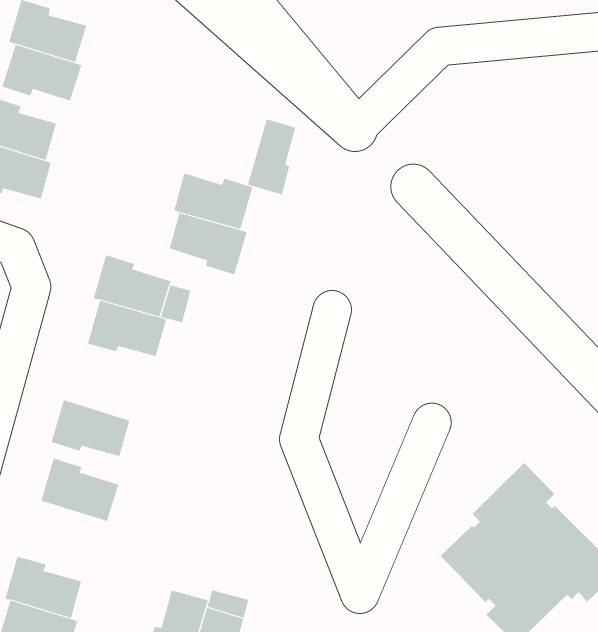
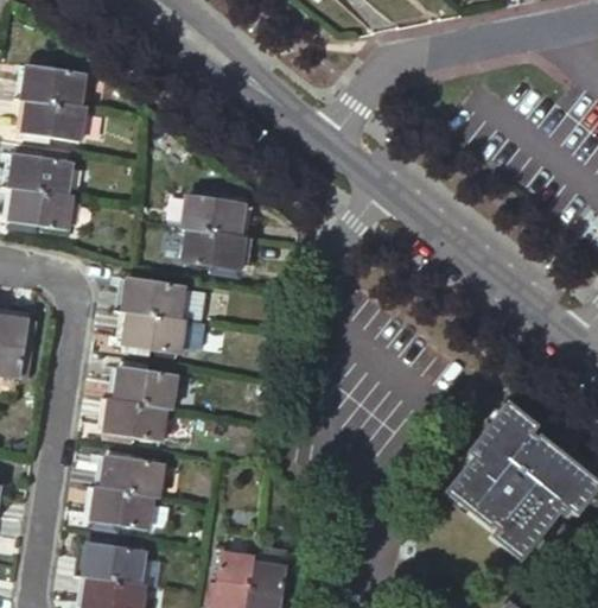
building: [248,118,296,195] -> none
building: none -> [114,362,179,410]
building: none -> [87,487,153,530]

